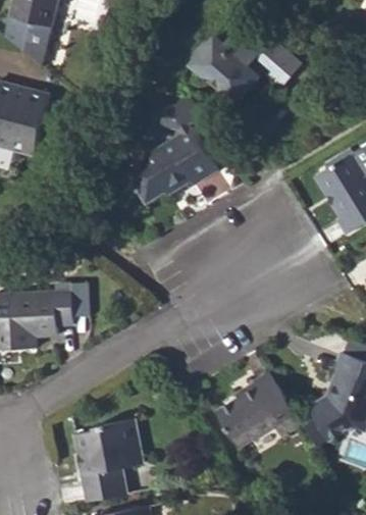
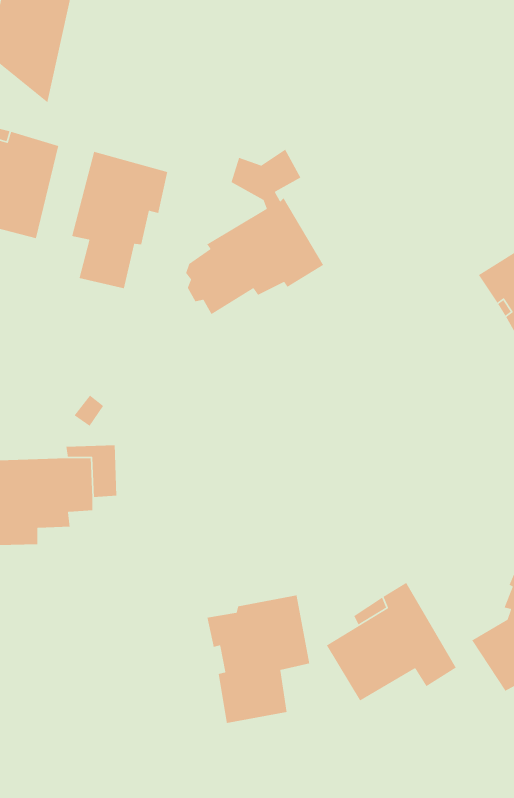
building: [192,32,300,103] -> none
building: none -> [71,151,168,289]
building: [74,420,140,502] -> [207,594,310,724]

